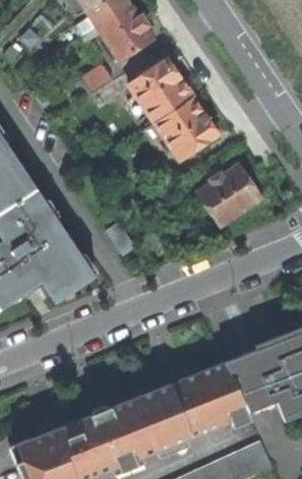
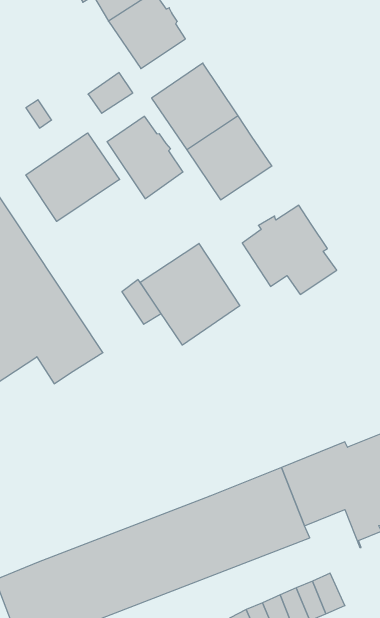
building: none -> [107,116,183,199]
building: none -> [26,133,120,221]
building: none -> [140,243,240,345]

